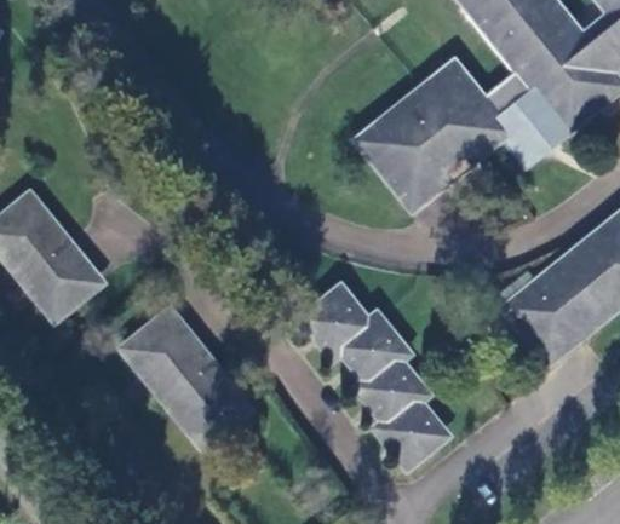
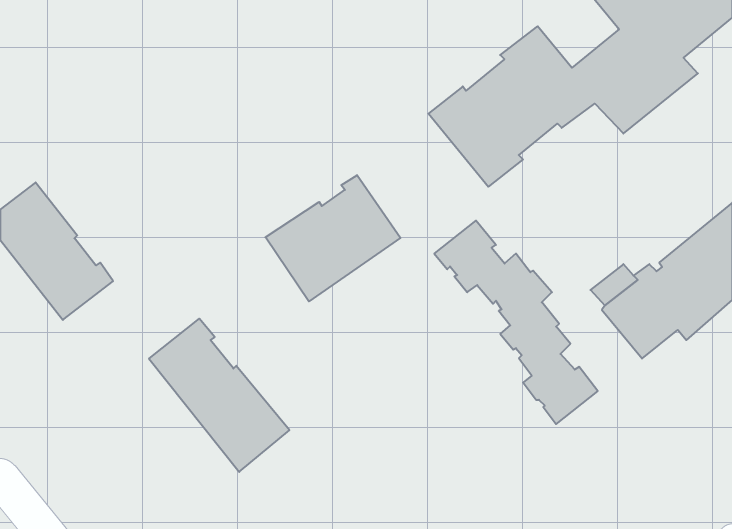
building: none -> [265,175,400,301]
building: [305,290,443,462] -> [434,221,598,424]

